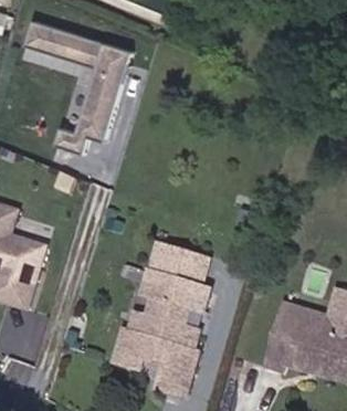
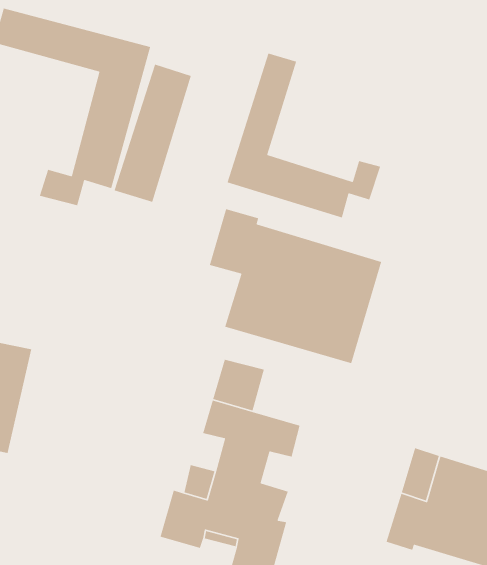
building: none -> [226,52,381,219]
building: none -> [209,208,382,364]

